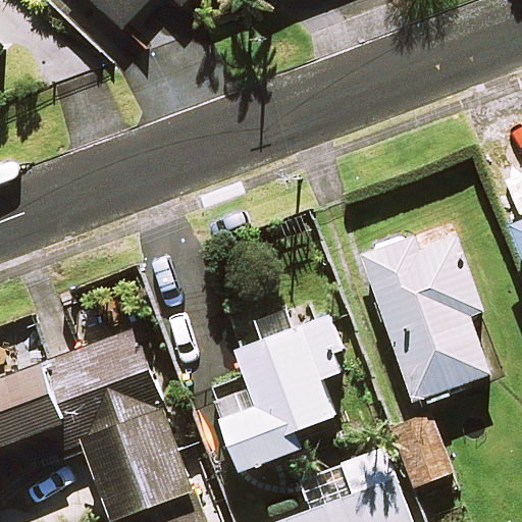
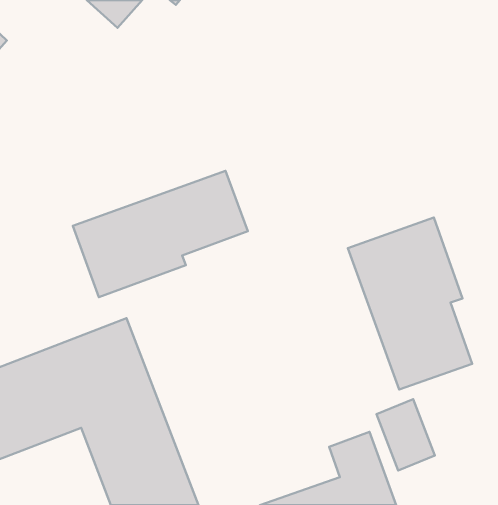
building: none -> [73,171,248,297]
building: [220,313,347,467] -> none

